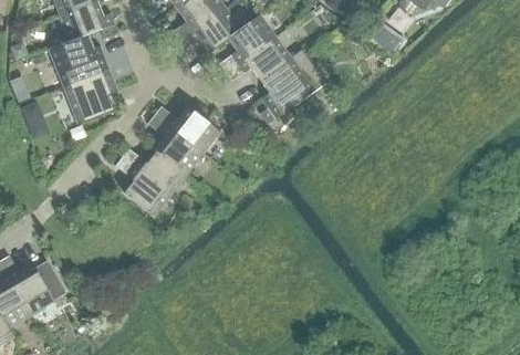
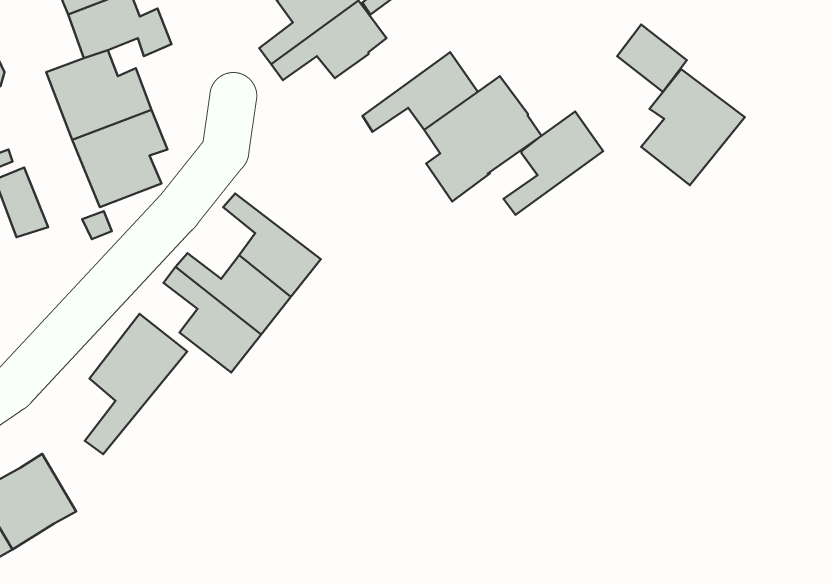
building: [218,14,273,72] -> [504,111,603,215]
building: none -> [641,69,745,185]
building: [154,106,218,152] -> none
building: none -> [85,314,187,454]

